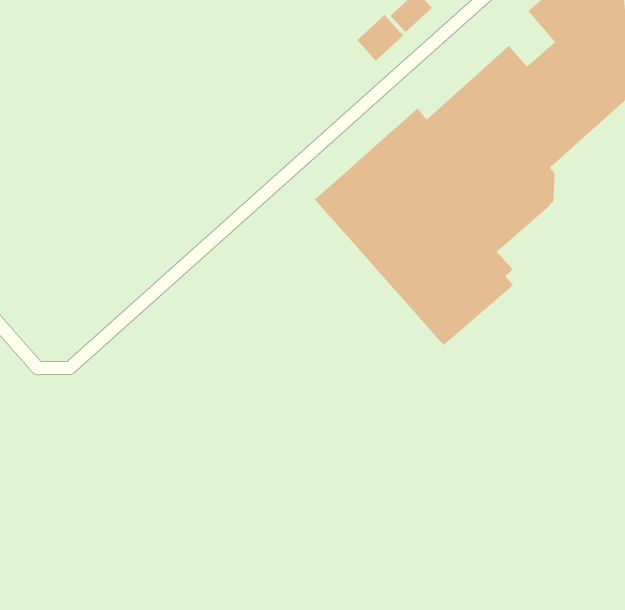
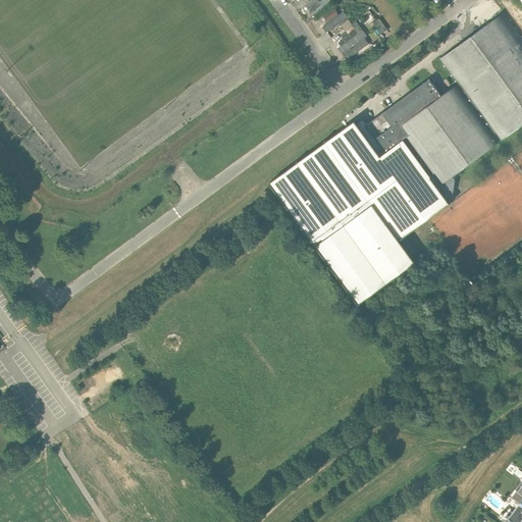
building: [356,14,404,61] -> none

